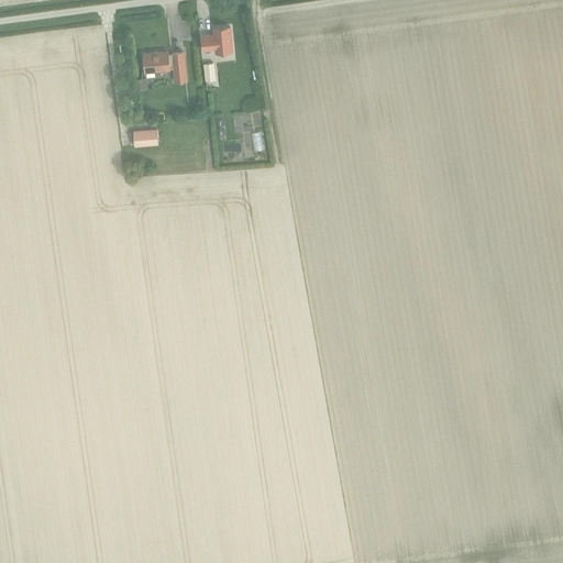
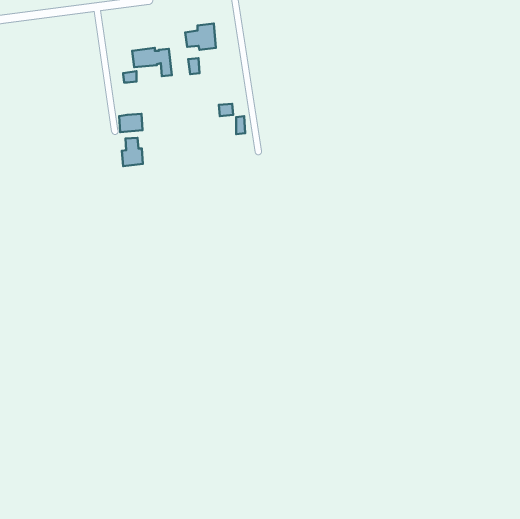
building: none -> [122,138,143,166]

